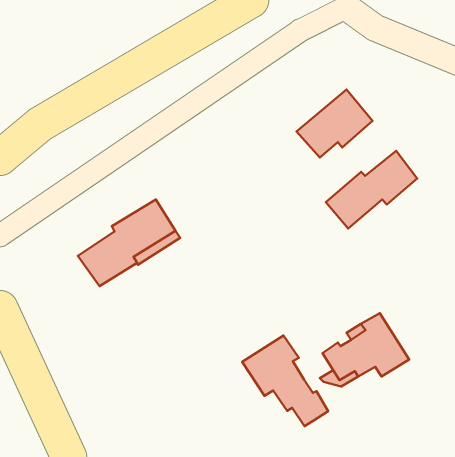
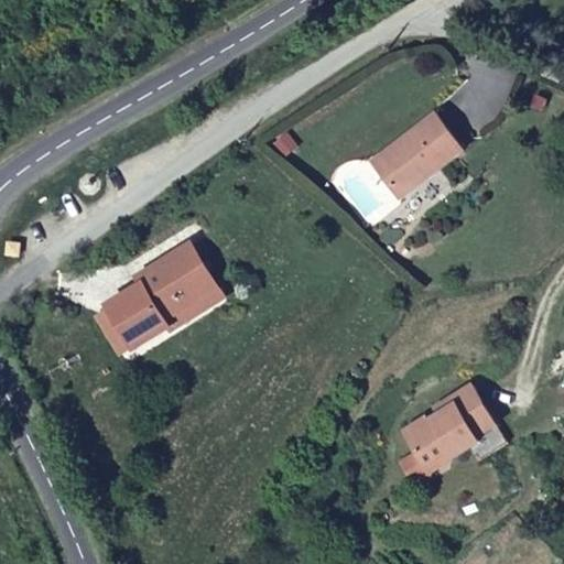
building: [326,151,417,229] -> none
building: [242,336,328,426] -> none

